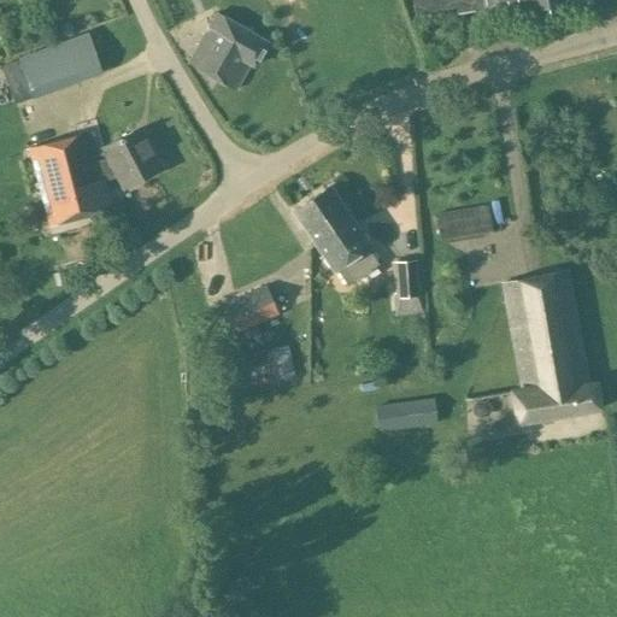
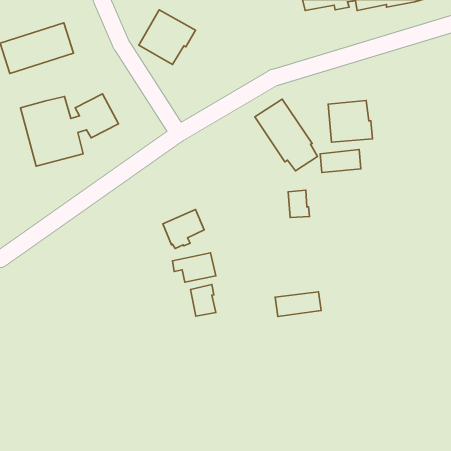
building: none -> [328,100,372,142]
building: [294,186,380,283] -> [255,99,318,171]
building: [501,269,601,422] -> none
building: none -> [190,285,216,316]

